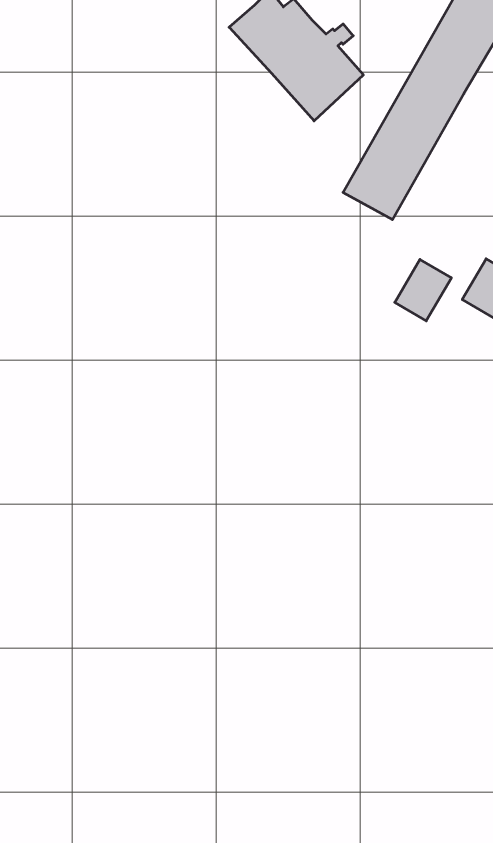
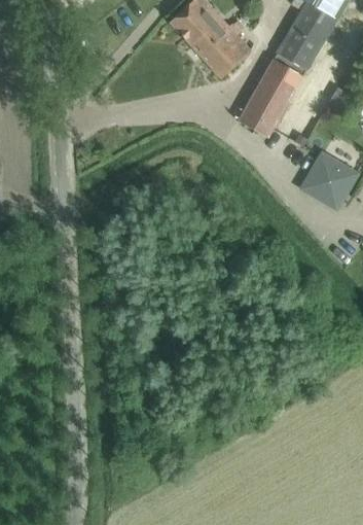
building: [395,259,451,321] -> none

